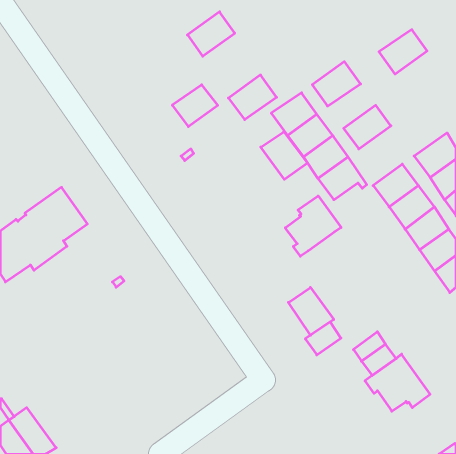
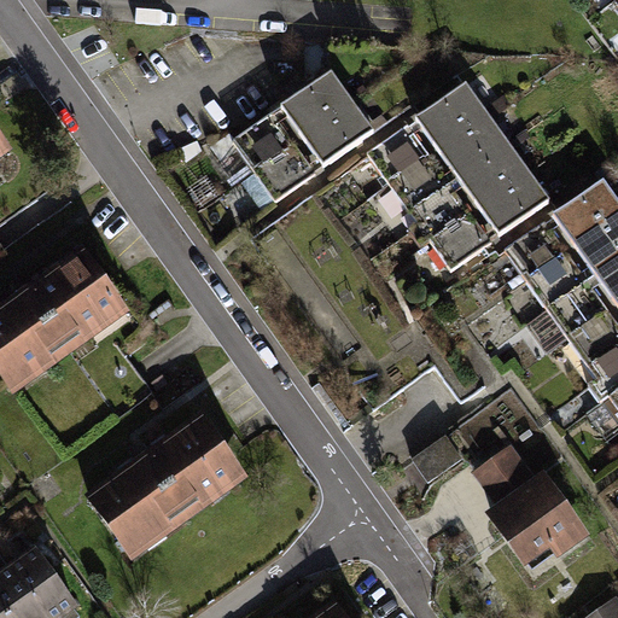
building: [187,12,235,56] -> [288,72,352,133]
building: [379,30,427,74] -> [443,113,508,174]
building: none -> [255,142,316,202]
building: none -> [485,170,549,232]
building: [261,132,308,179] -> none
building: [285,196,341,256] -> none
building: [288,287,334,335] -> none
building: none -> [91,419,237,548]

